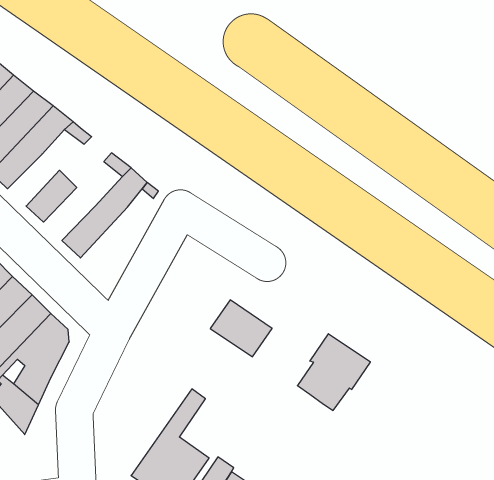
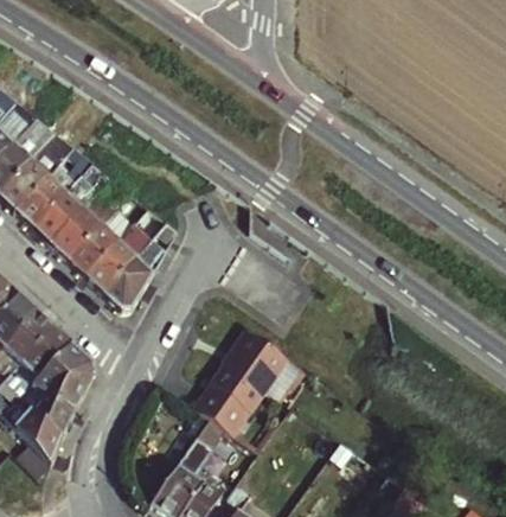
building: none -> [33,194,83,244]
building: none -> [68,226,117,277]
building: none -> [103,245,161,309]
building: [297,334,370,410] -> [198,362,268,435]

